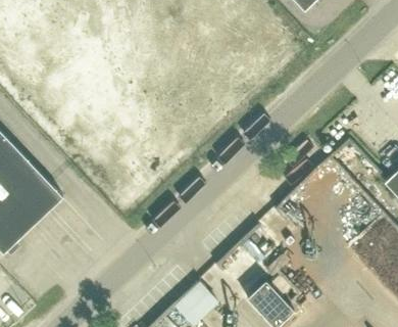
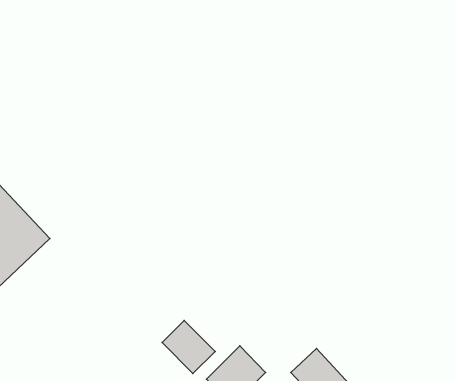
building: none -> [162,321,215,373]

